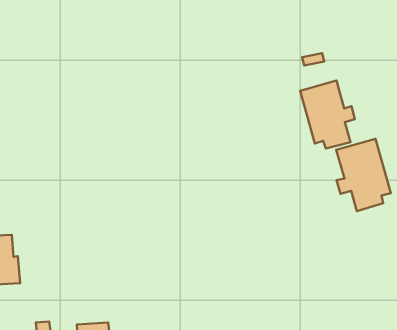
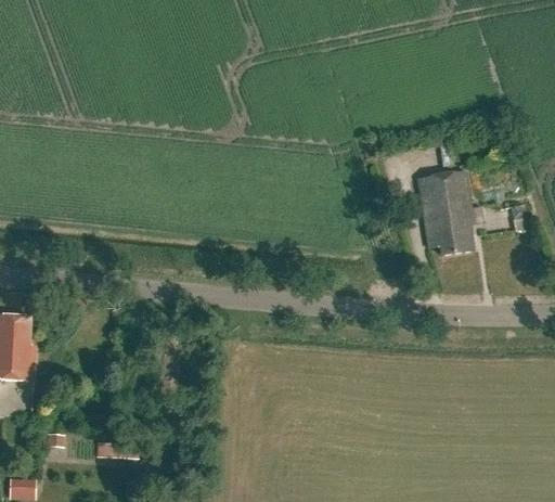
building: [336,139,391,211] -> none

